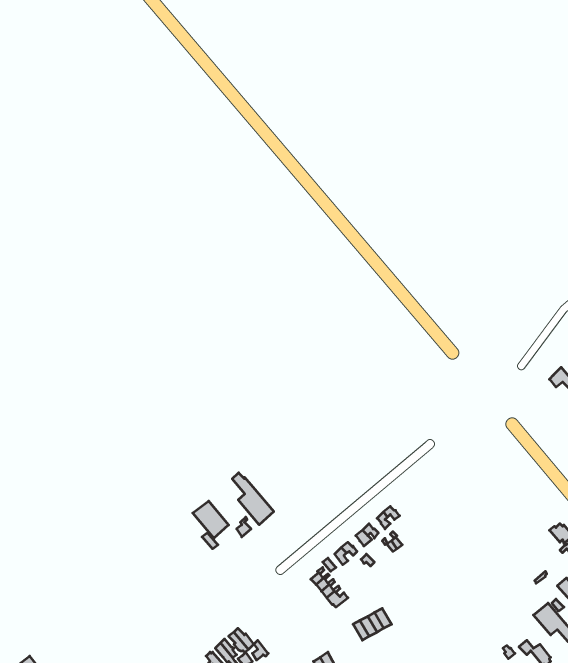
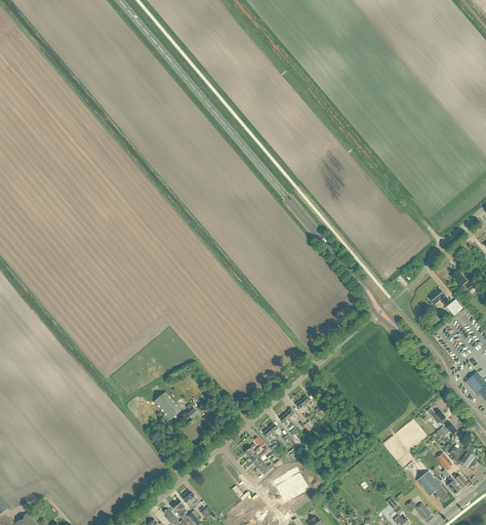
building: [232,473,274,525] -> none

